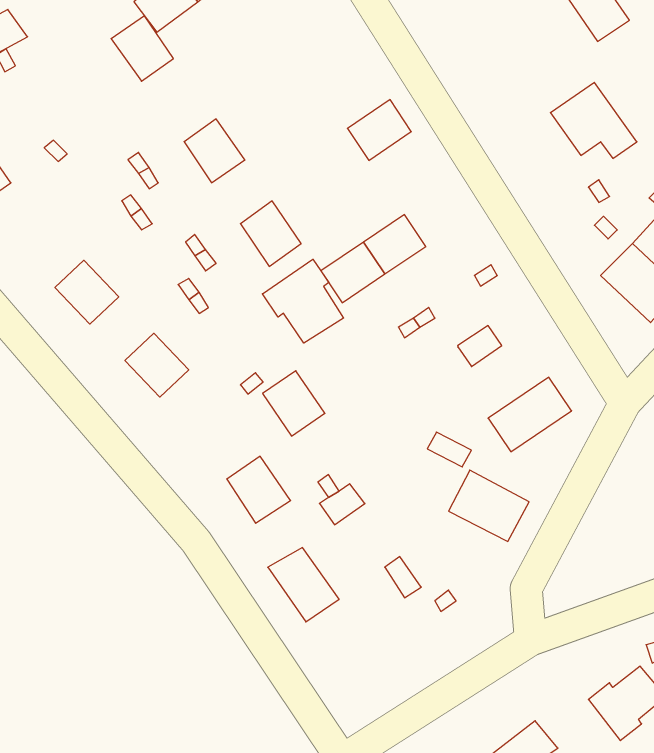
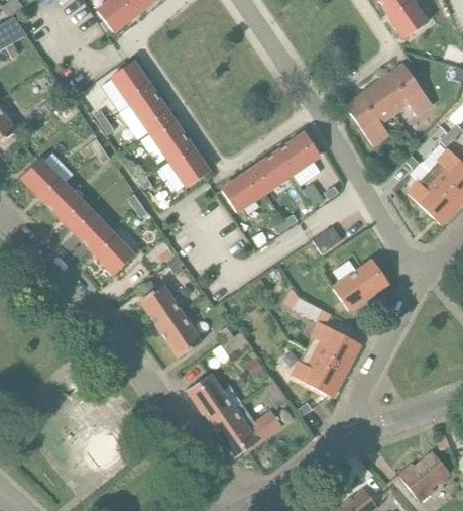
building: [111,16,173,81] -> [111,61,152,104]
building: [347,100,411,160] -> [277,133,320,174]
building: none -> [345,85,394,145]
building: none -> [149,116,190,159]
building: none -> [22,159,65,201]
building: [262,259,344,343] -> none
building: none -> [69,207,111,249]
building: [263,371,325,436] -> [140,285,182,328]
building: none -> [293,349,346,397]
building: none -> [212,401,281,457]

